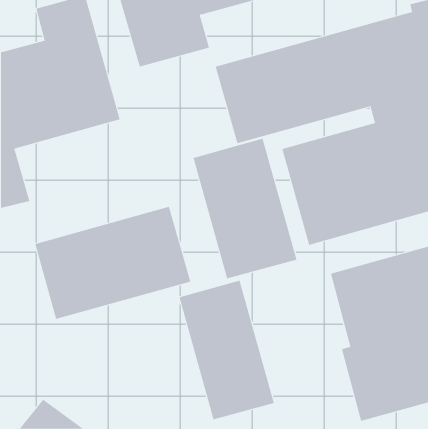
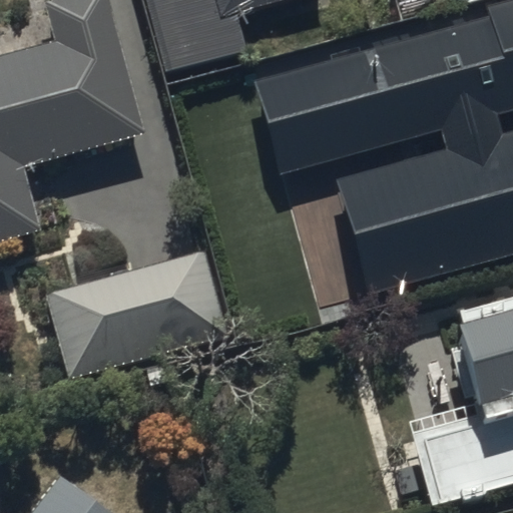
building: [193,138,297,279] -> none
building: [179,280,274,420] -> none

